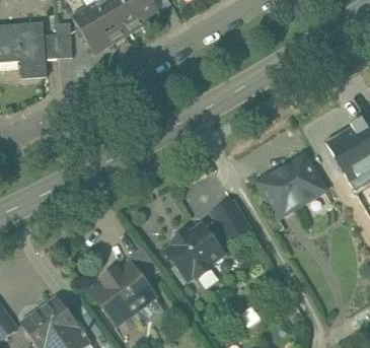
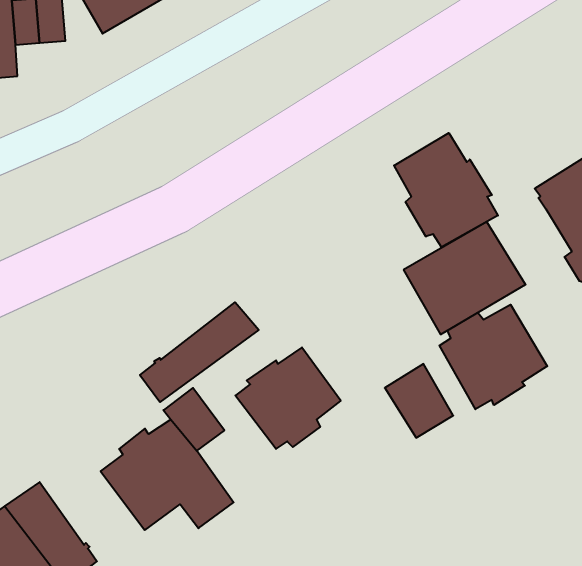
building: none -> [394,133,498,247]
building: none -> [140,302,259,402]
building: [211,200,248,240] -> [385,364,453,438]
building: none -> [439,305,547,409]

